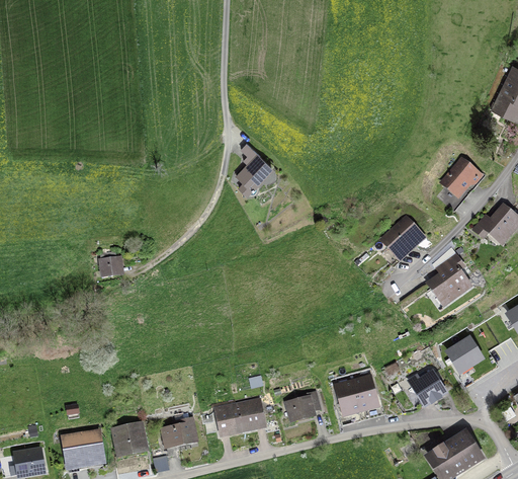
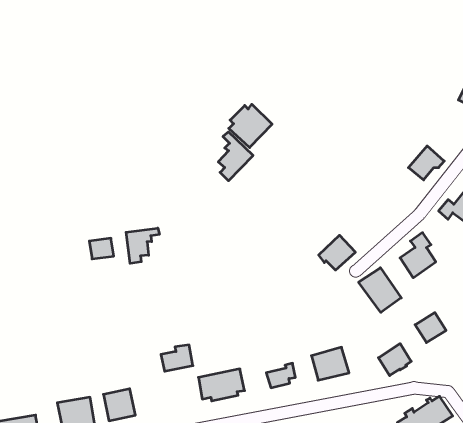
building: none -> [229,104,272,148]
building: [383,219,423,256] -> [319,235,355,270]
building: none -> [126,228,159,263]
building: none -> [359,268,401,312]
building: [161,417,195,446] -> [161,345,193,371]

